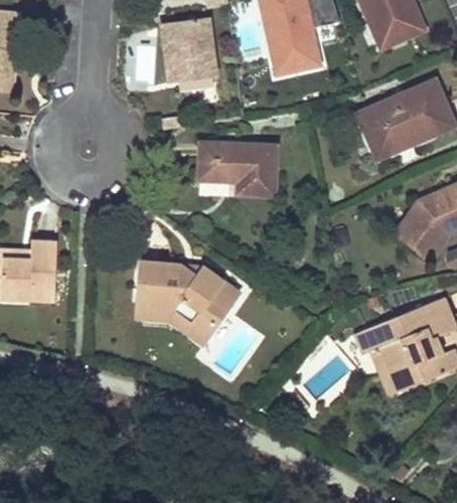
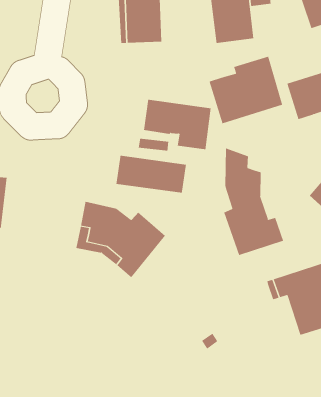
building: none -> [209,56,283,124]
building: none -> [224,147,284,256]
building: none -> [116,155,186,194]

